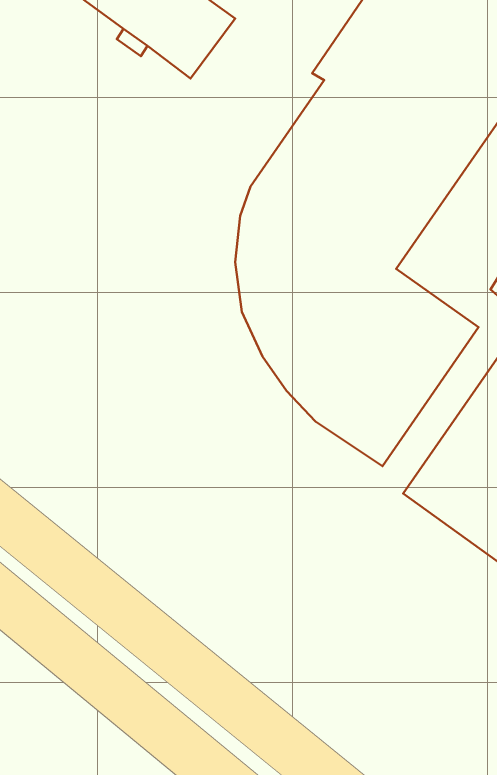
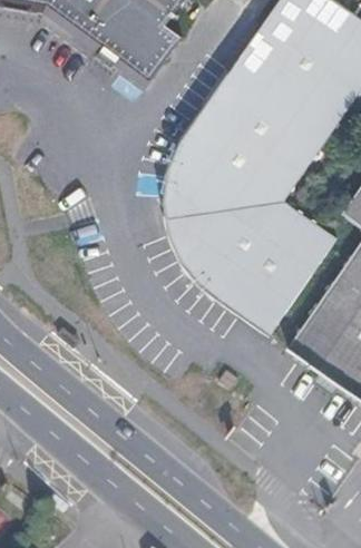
building: none -> [169,72,275,336]

